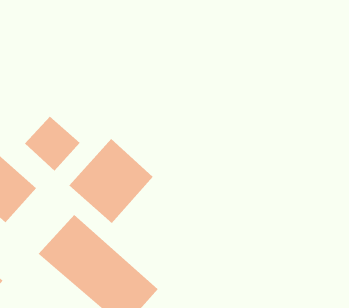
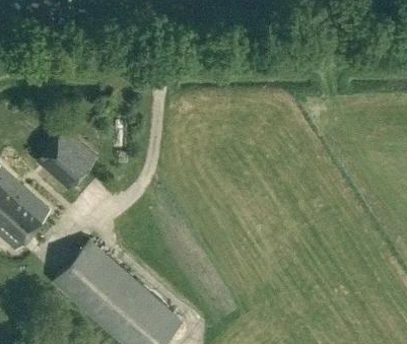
building: [68,138,153,224] -> none

